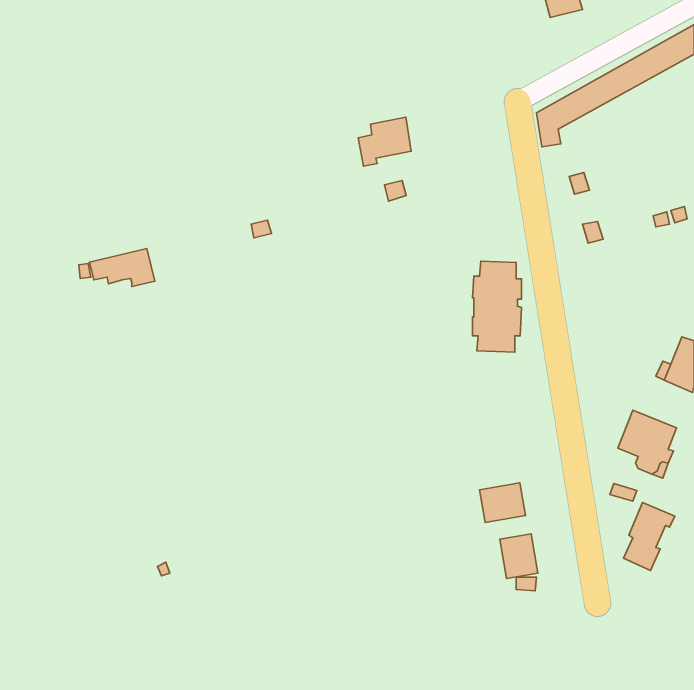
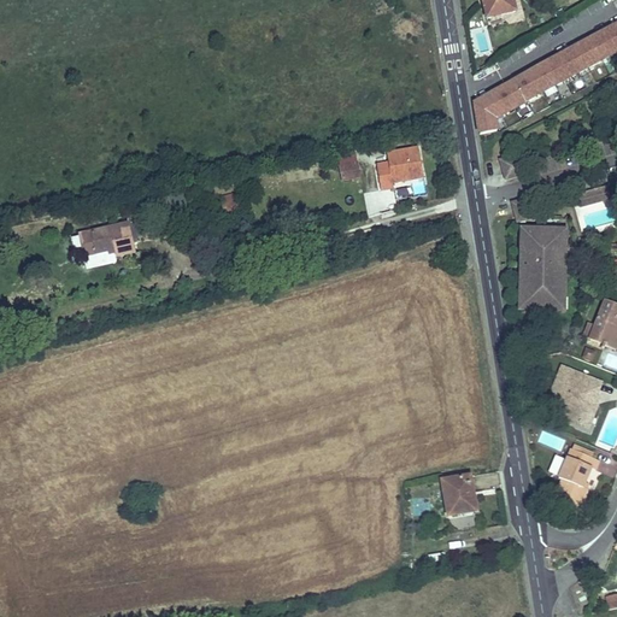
building: [358,117,411,166] -> [377,145,424,188]
building: [473,261,522,352] -> [523,225,566,306]
building: [480,483,525,523] -> none

